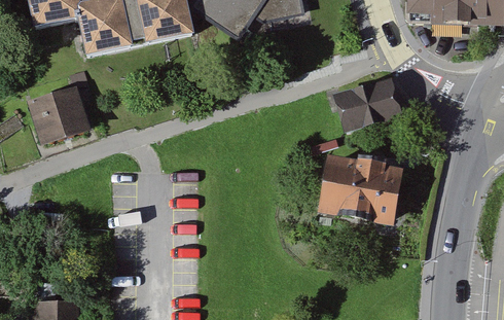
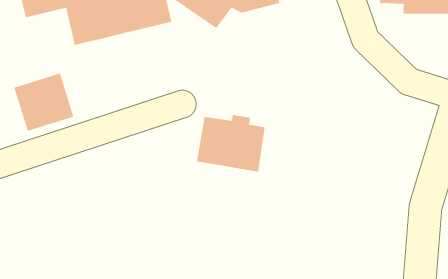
building: [336,82,399,130] -> none
building: [324,161,397,221] -> [196,115,266,172]

